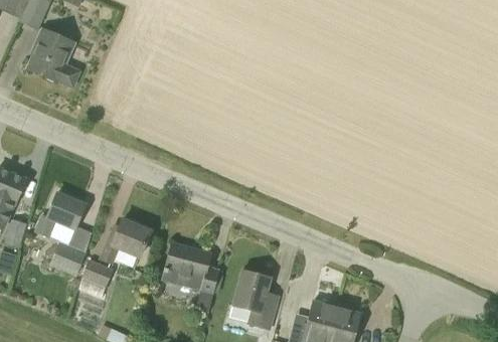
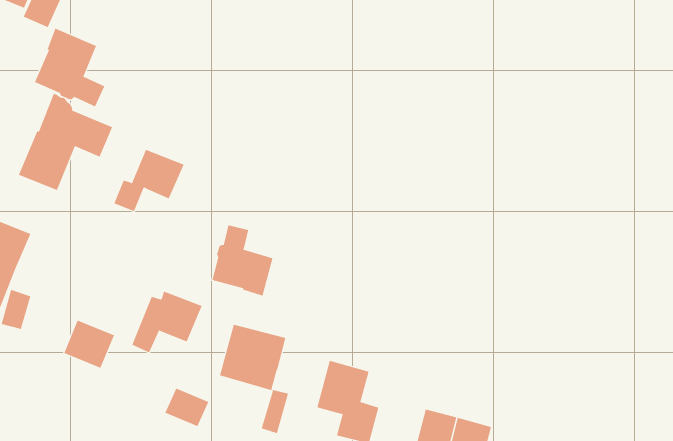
building: none -> [18,93,113,191]
building: none -> [212,224,273,296]
building: [34,192,86,237] -> [114,149,185,212]
building: [80,259,113,287] -> [165,388,209,427]

